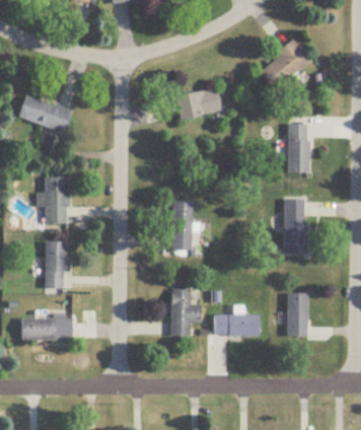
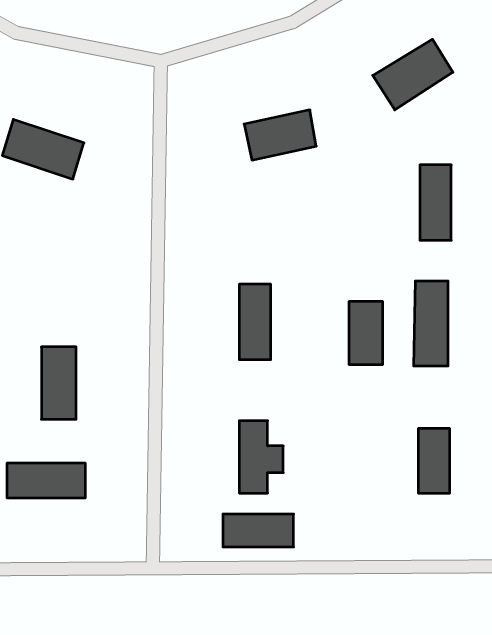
building: [37,177,68,224] -> none
building: none -> [349,301,382,365]
building: [214,314,260,336] -> [223,514,294,547]

